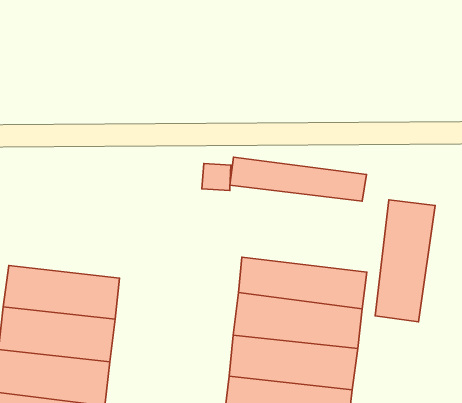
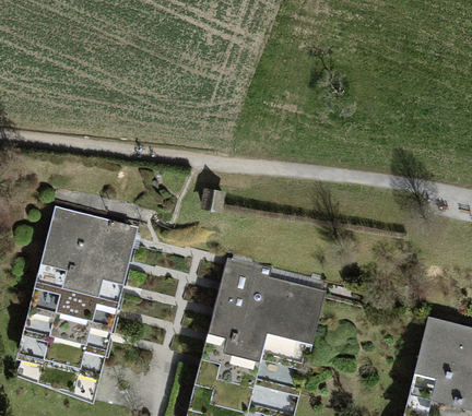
building: [230,157,367,201] -> none
building: [375,200,435,322] -> none
building: none -> [44,204,138,259]

